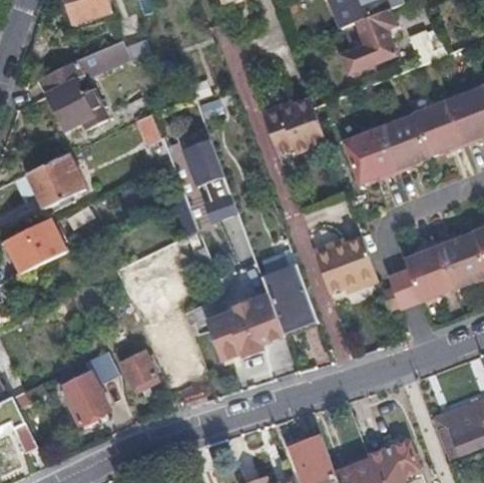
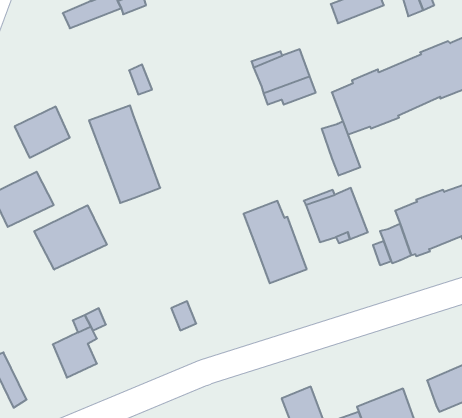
building: [39,61,96,128] -> none
building: [165,131,236,228] -> [89,105,160,203]
building: none -> [322,121,360,176]
building: none -> [34,205,107,270]
building: [206,296,282,361] -> none
building: [123,358,159,398] -> none

